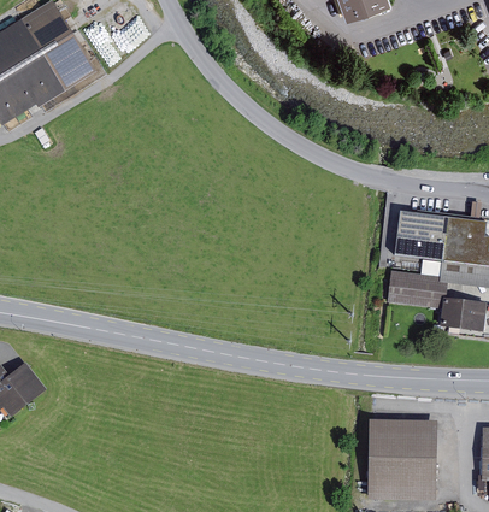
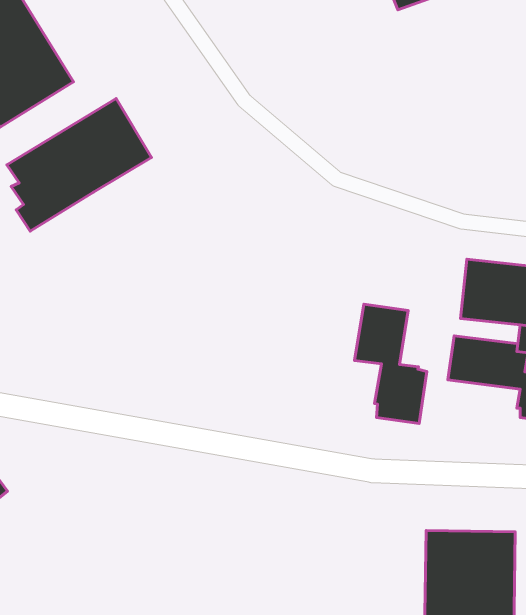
building: none -> [7,99,151,231]
building: none -> [354,304,427,423]

